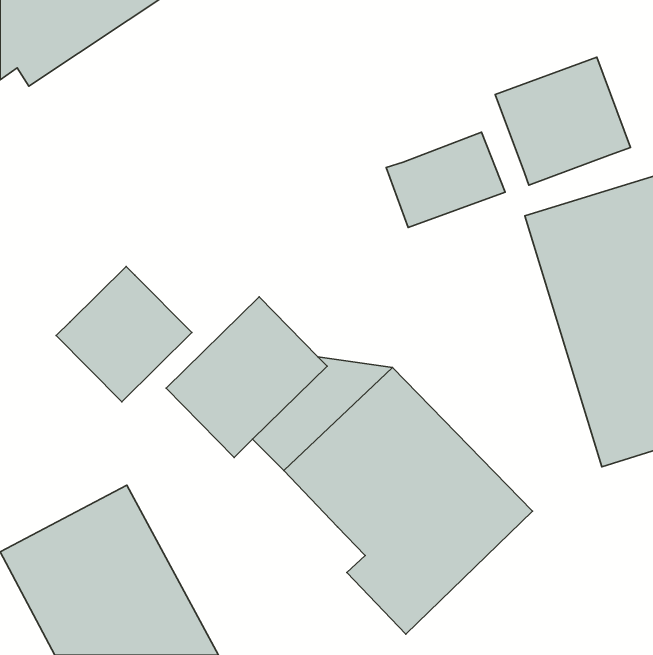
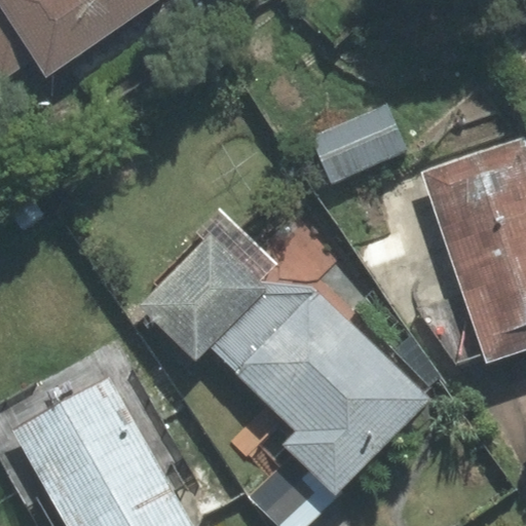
building: [495,57,630,185] -> none
building: [56,266,192,402] -> none

